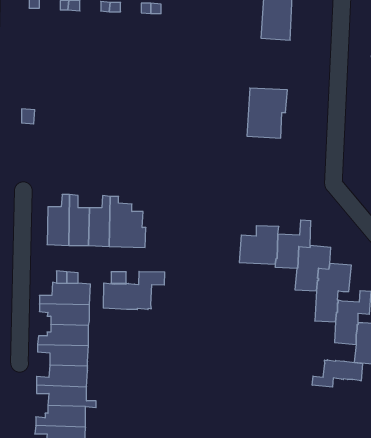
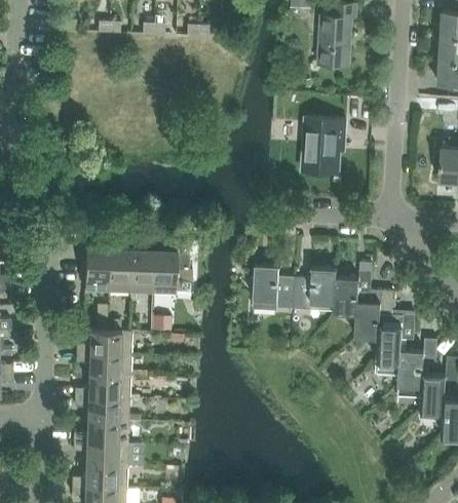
building: none -> [253,264,296,309]
building: [103,271,165,310] -> none
building: [312,360,363,387] -> none

